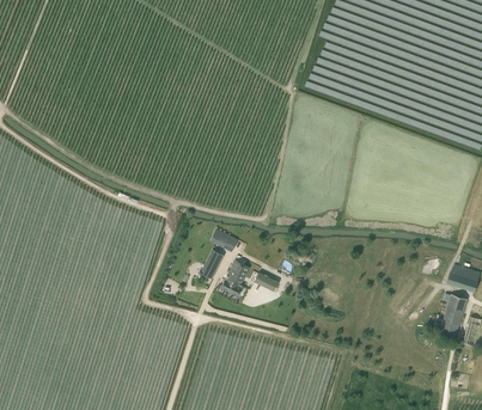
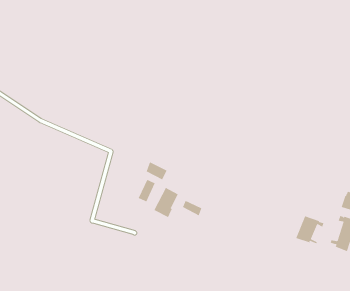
building: none -> [296,216,324,244]

